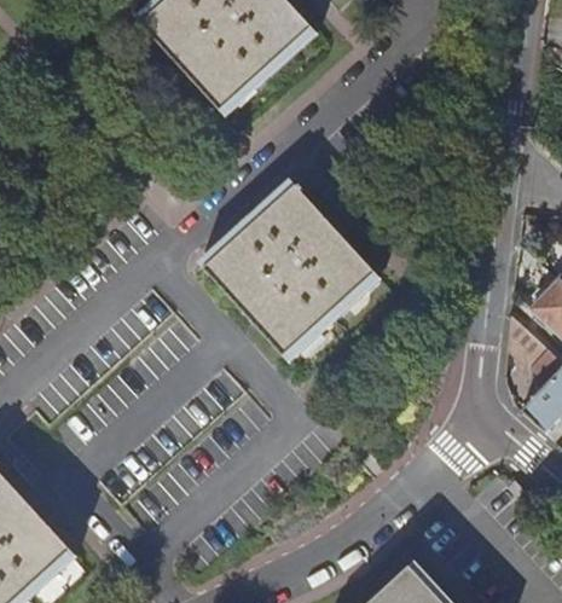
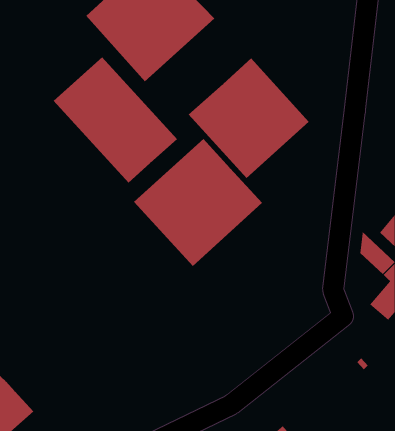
building: none -> [53,56,178,184]
building: none -> [188,58,310,179]

